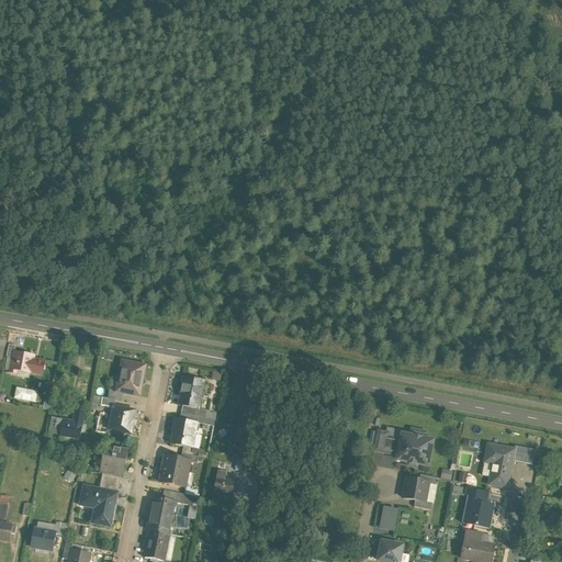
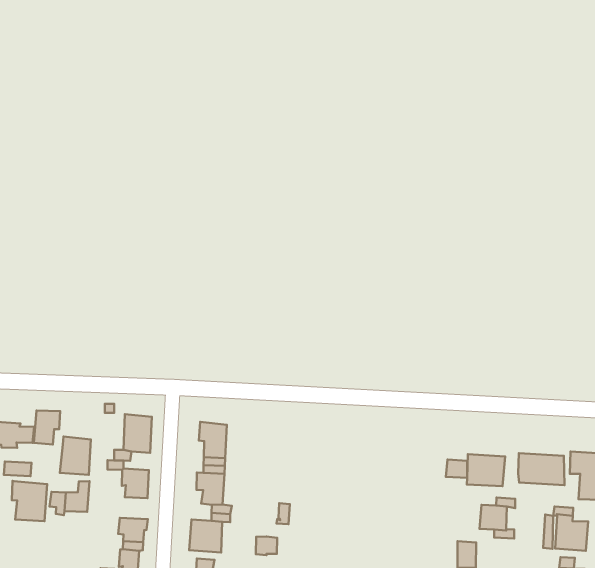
building: none -> [34,411,60,445]
building: none -> [60,436,91,475]
building: none -> [12,481,47,521]
building: none -> [518,453,564,485]

